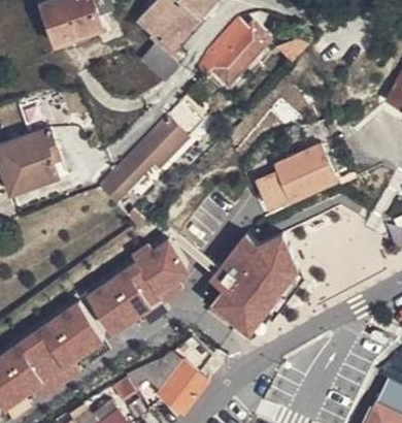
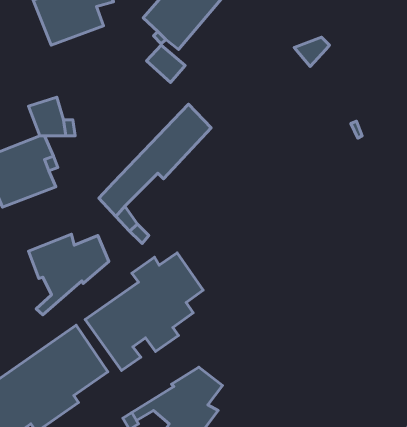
building: [195,23,267,87] -> none
building: [256,147,337,212] -> none
building: none -> [28,234,109,315]
building: [206,232,298,334] -> none

